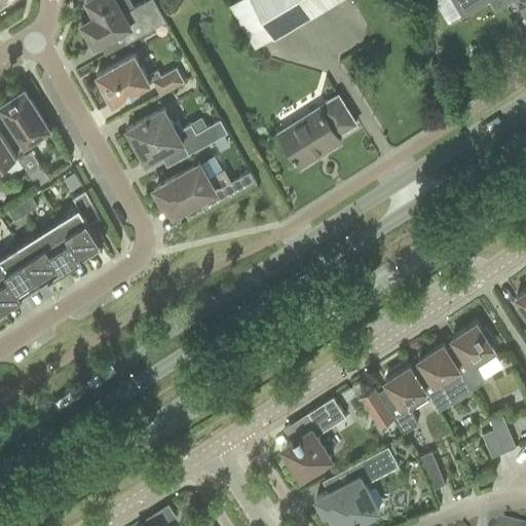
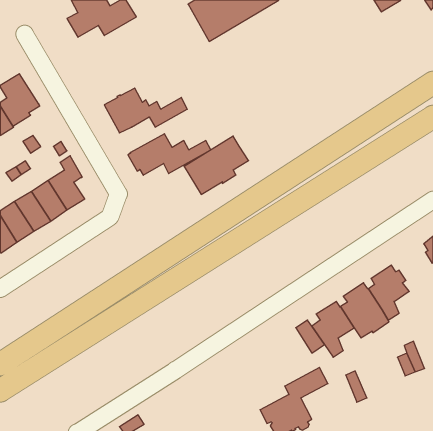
building: [97,54,184,105] -> none
building: [277,96,355,166] -> [184,136,249,194]
building: [286,398,345,479] -> none

